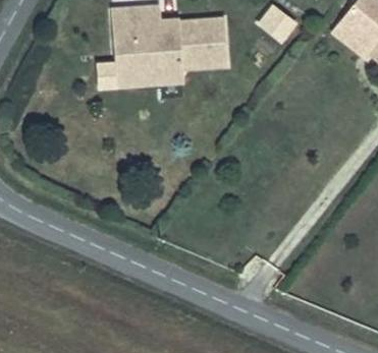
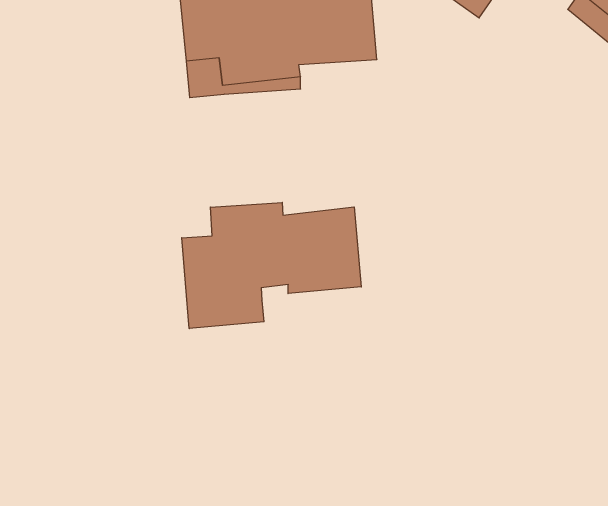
building: none -> [182,202,361,329]

